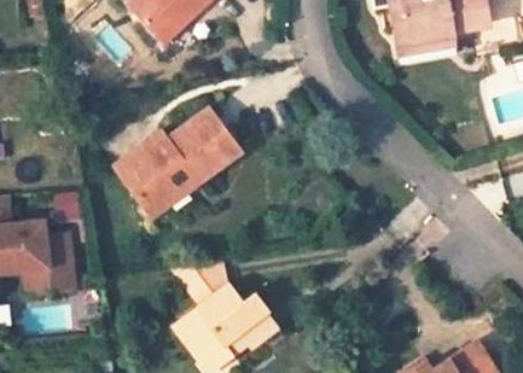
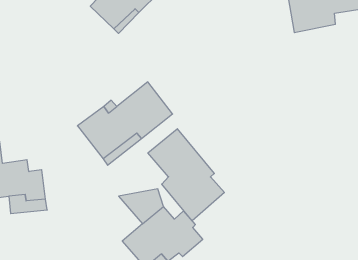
building: none -> [148,129,224,221]

